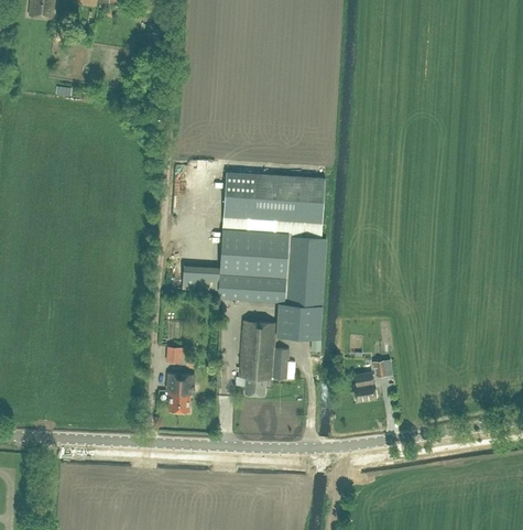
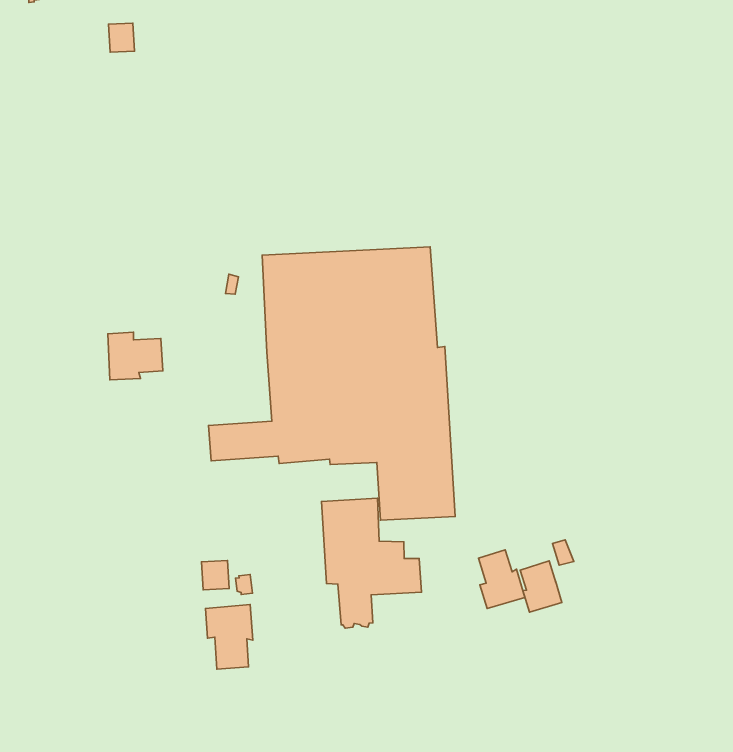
building: none -> [108,332,163,380]
building: none -> [479,550,525,608]

